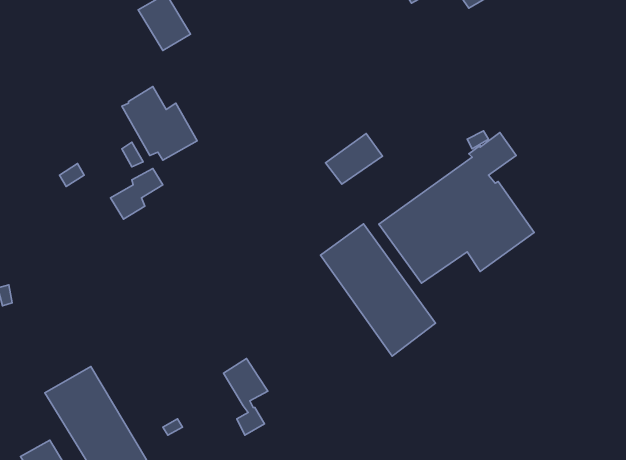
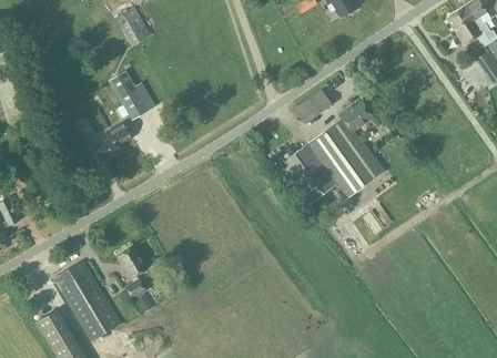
building: [325,133,383,184] -> [293,89,332,123]
building: [320,224,436,356] -> none
building: [224,358,268,435] -> [118,245,148,297]

